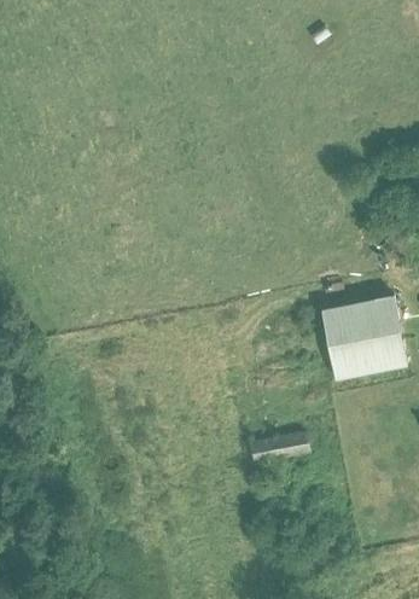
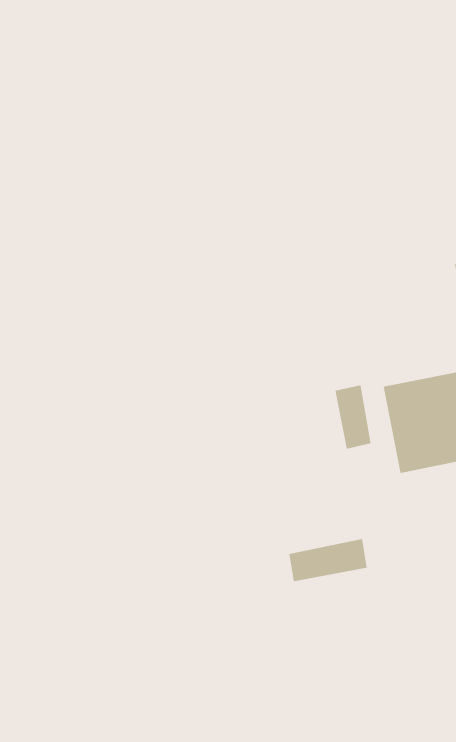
building: none -> [335,384,371,449]

